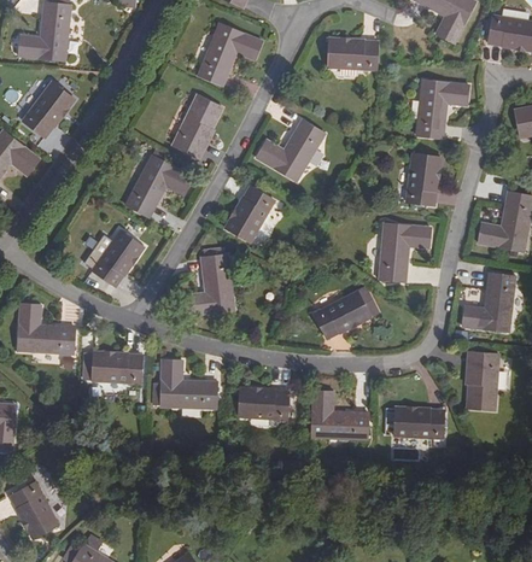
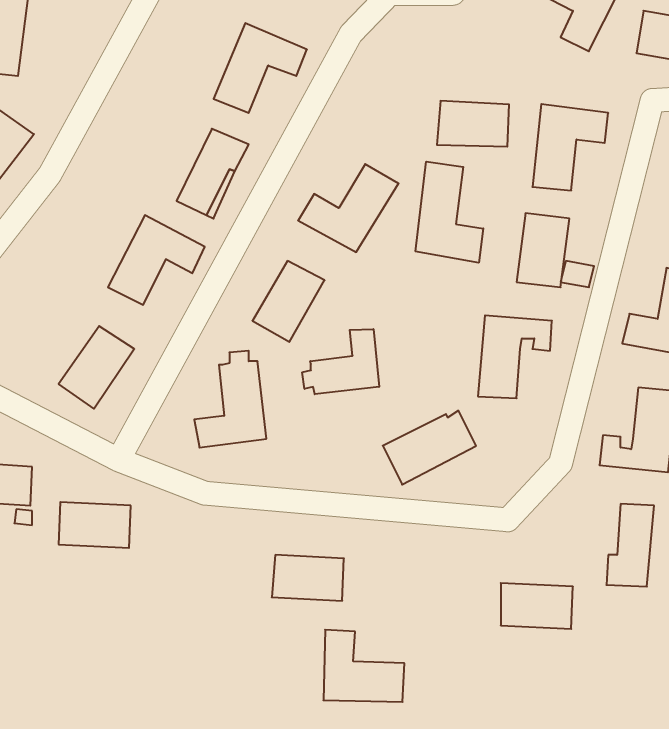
building: [327,37,376,69] -> [437,101,509,147]
building: none -> [416,162,483,263]
building: none -> [302,329,379,394]
building: [159,359,216,408] -> none
building: [311,390,367,439] -> [323,630,404,702]

